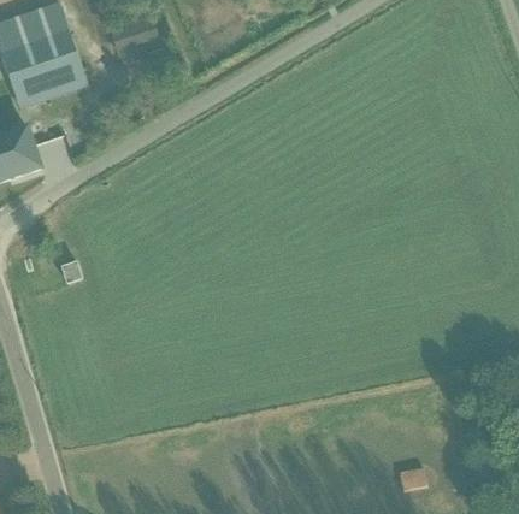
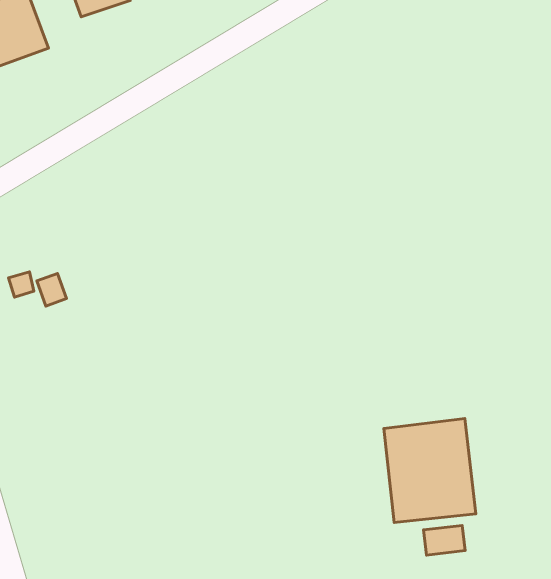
building: none -> [384,419,476,523]

